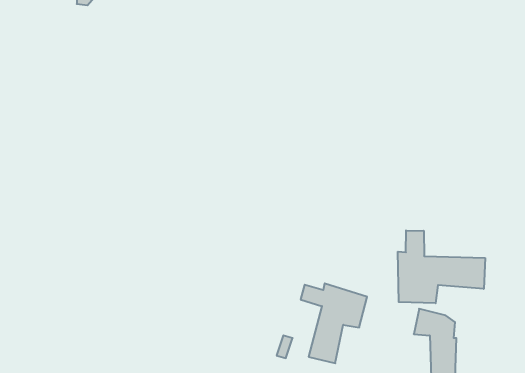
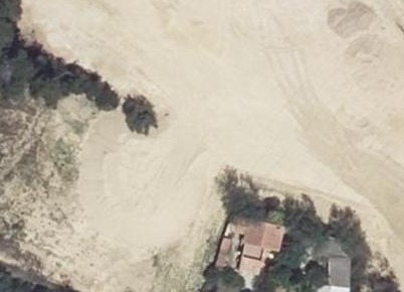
building: [398,230,485,303] -> none

